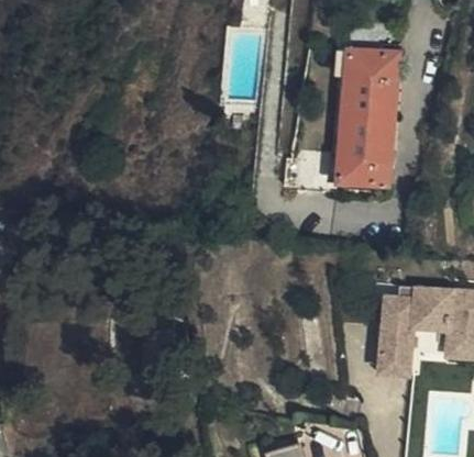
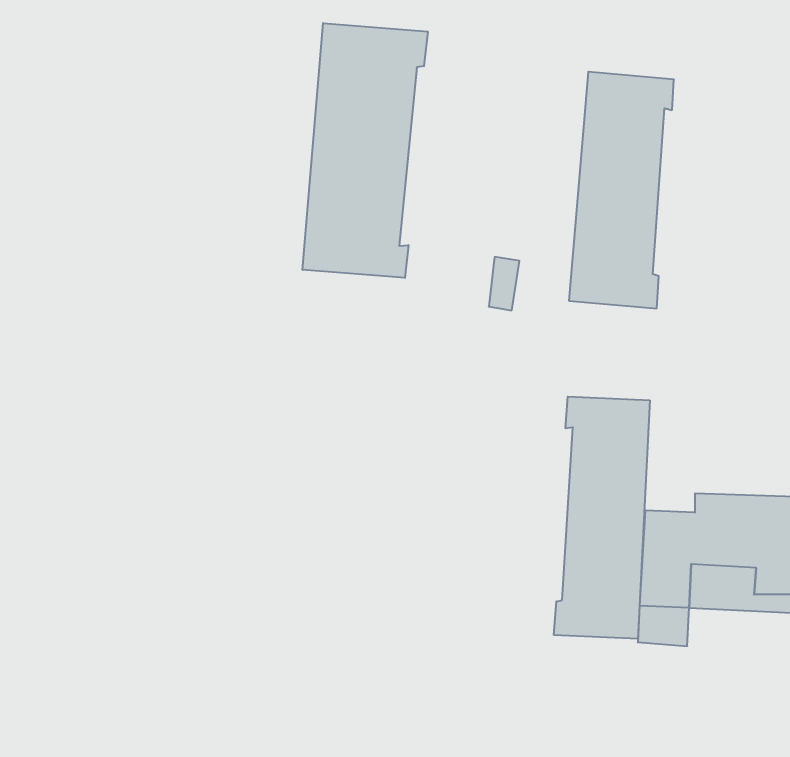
building: none -> [303,23,428,278]
building: none -> [554,397,650,639]

